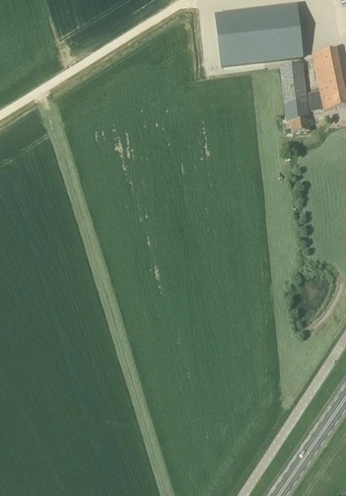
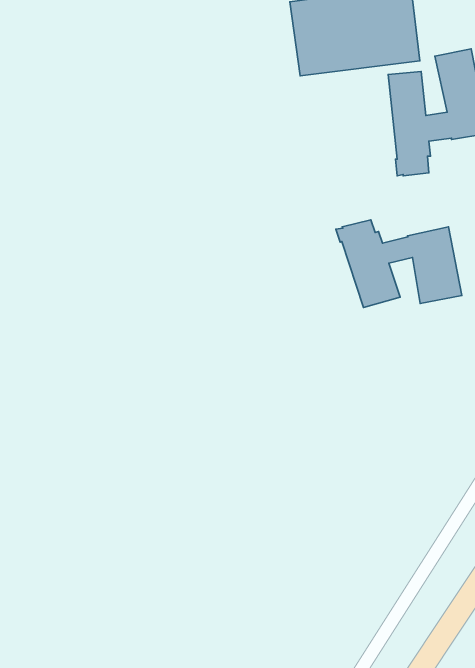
building: none -> [336,220,462,307]

